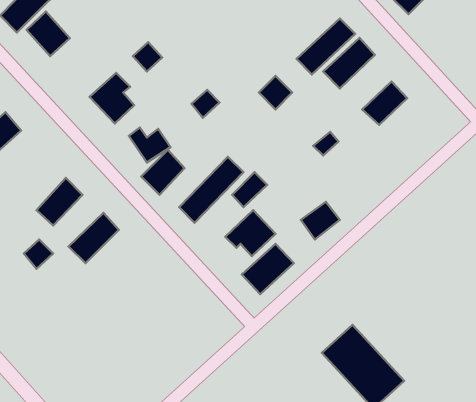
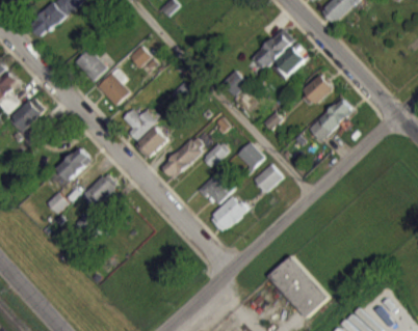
building: [26,12,70,56] -> [74,49,106,82]
building: none -> [309,98,354,141]
building: none -> [236,142,264,170]

